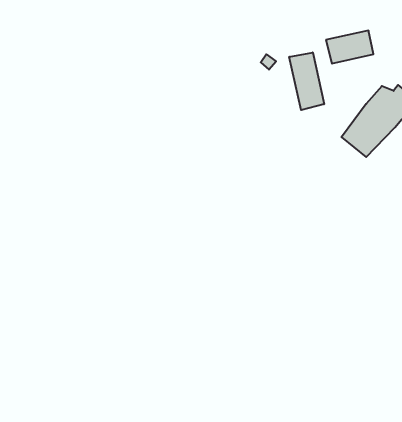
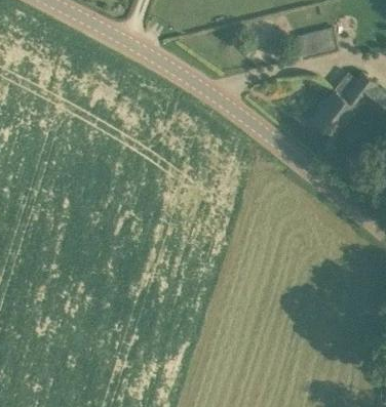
building: [289,52,324,110] -> none

